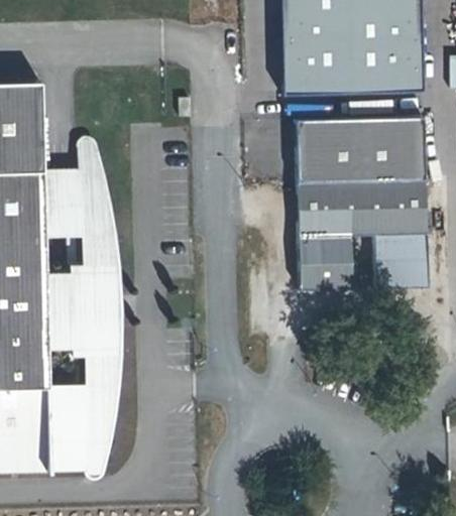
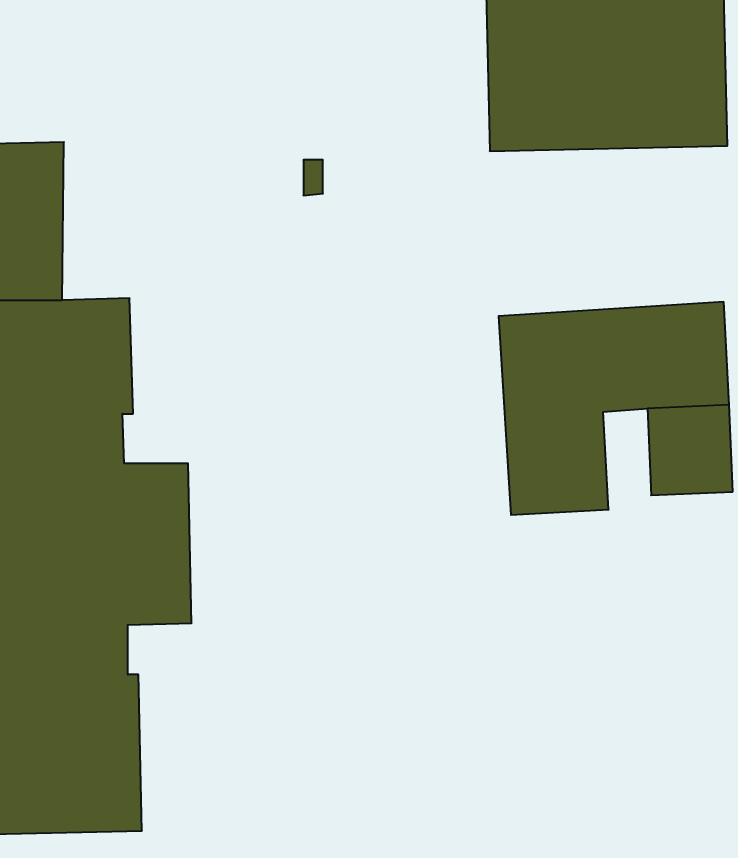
building: [292,116,420,183] -> none
building: [78,150,115,267] -> none
building: [81,358,117,476] -> none

